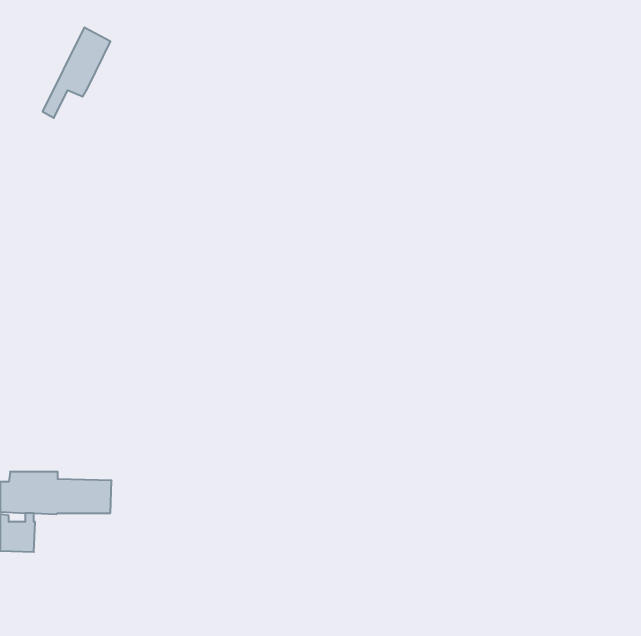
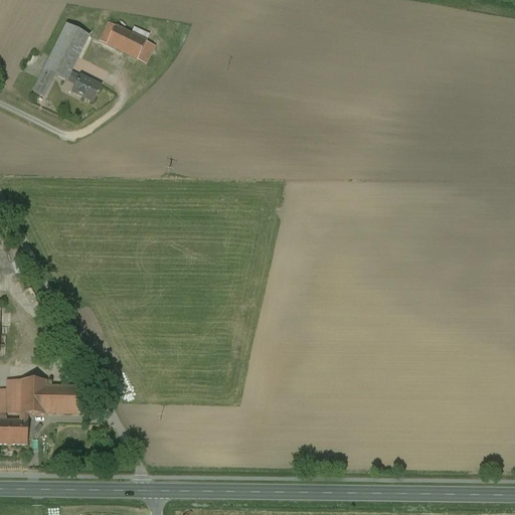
building: none -> [100,20,155,62]
building: none -> [66,70,101,100]

